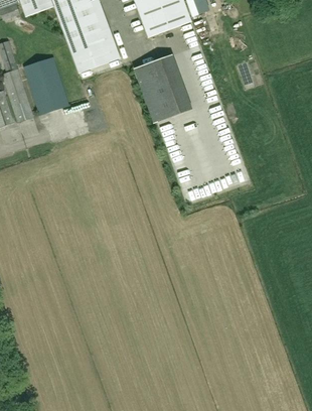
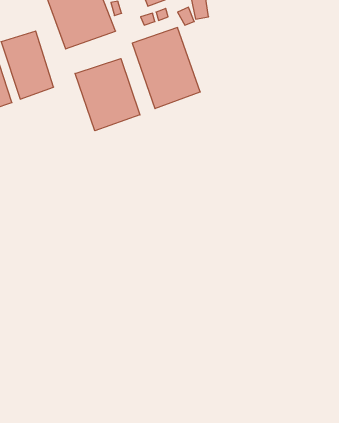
building: none -> [75,59,140,131]

